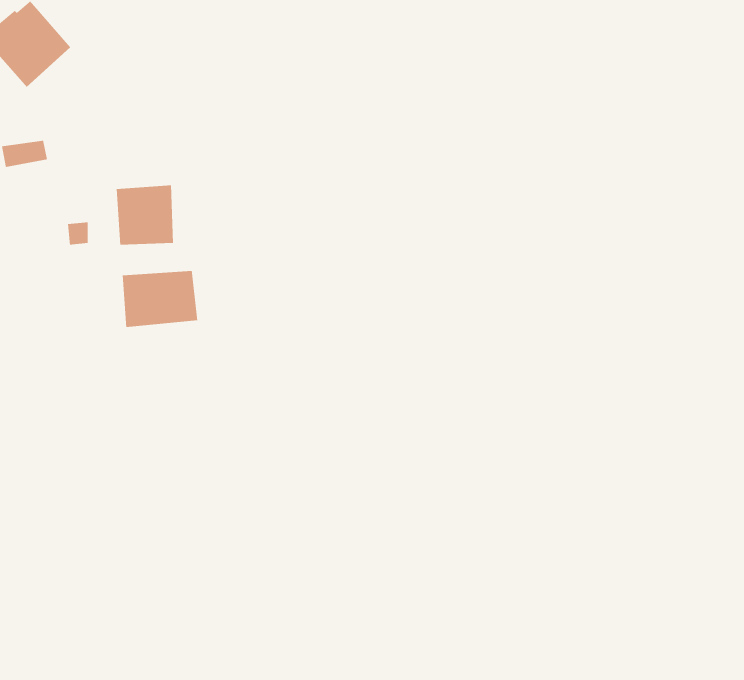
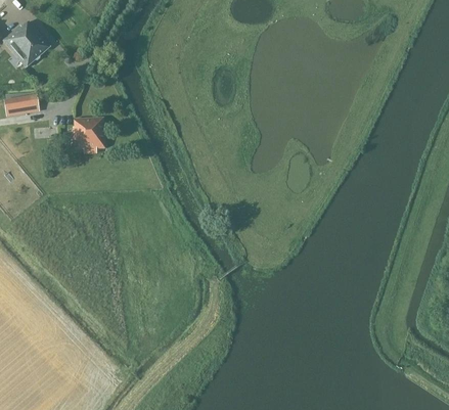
building: [122,270,198,328] -> none

